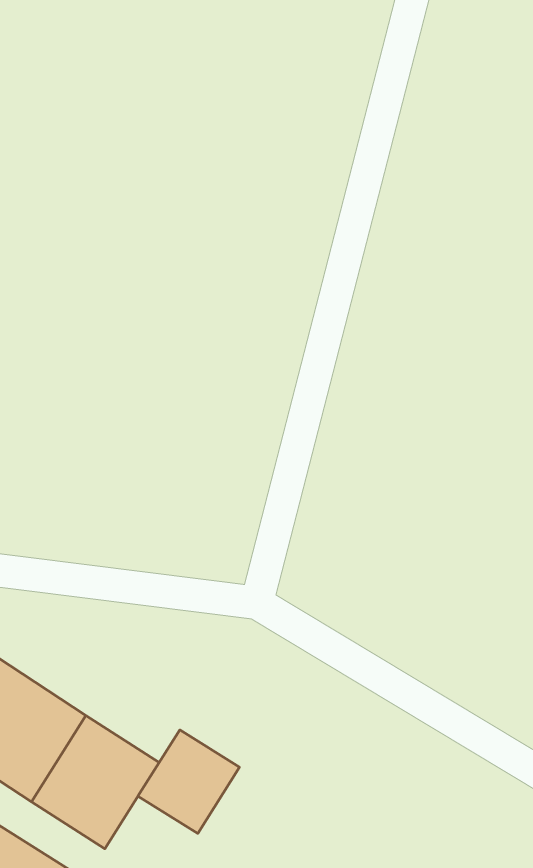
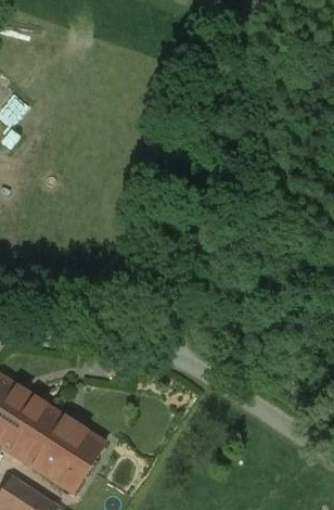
building: [138,730,240,833] -> none

